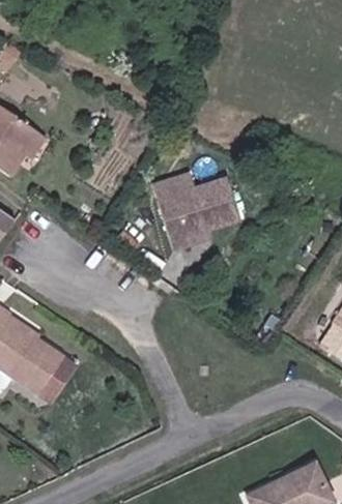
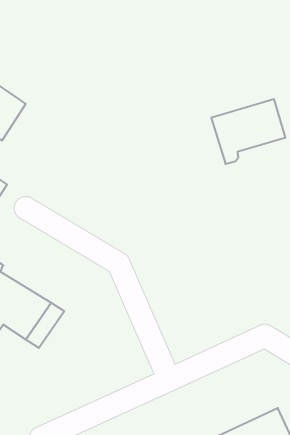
building: [154,178,236,249] -> [211,99,285,164]

